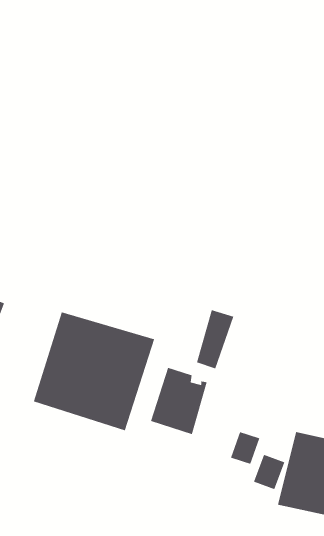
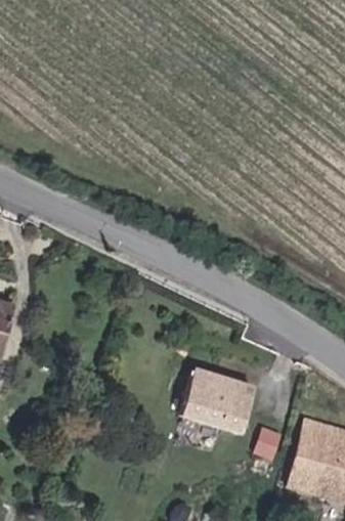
building: [196,310,234,369] -> [206,378,240,431]
building: [33,312,155,431] -> none

